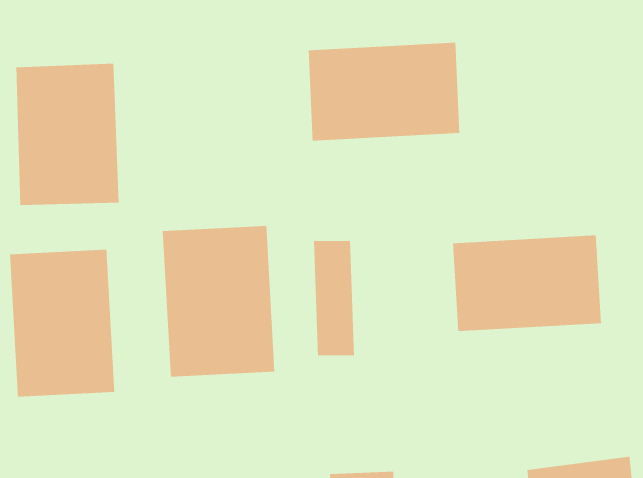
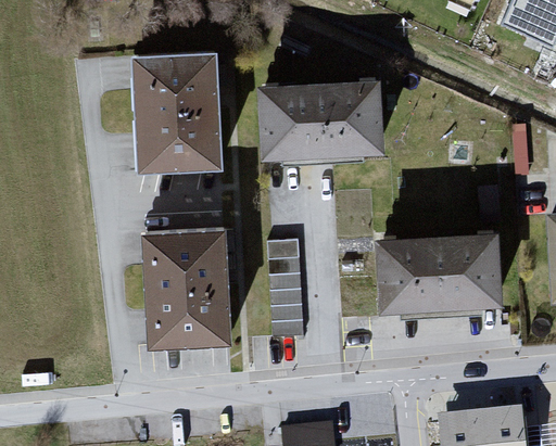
building: [16,63,119,206] -> [138,52,222,167]
building: [9,249,115,398] -> none

